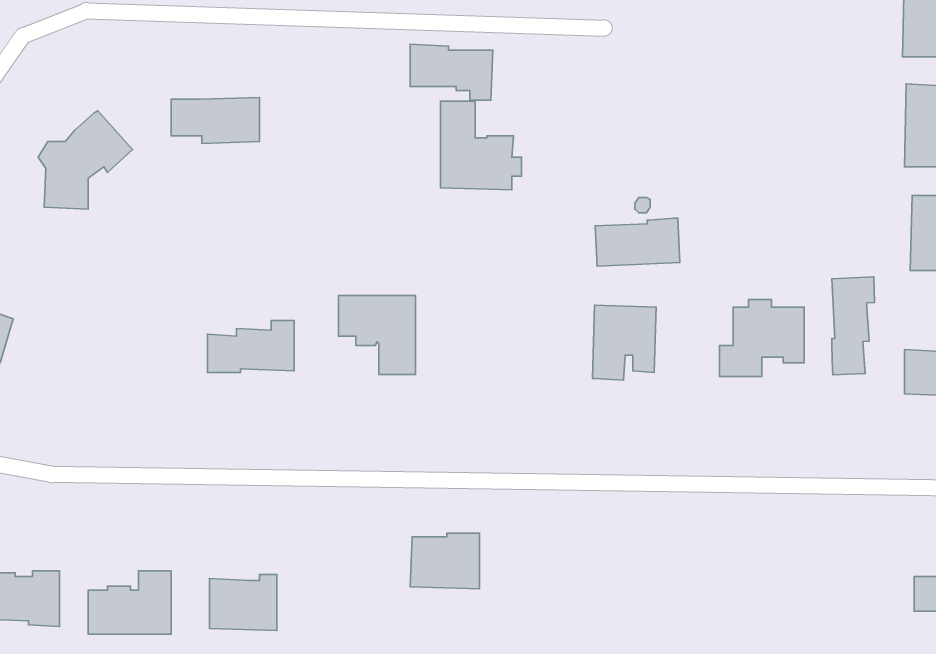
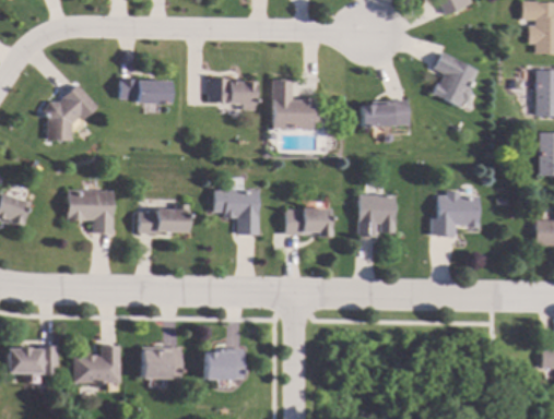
building: [410,44,493,100] -> [208,77,255,109]
building: none -> [431,52,476,106]
building: [595,218,680,266] -> [359,99,408,127]
building: [832,277,875,375] -> none
building: none -> [69,190,114,232]
building: none -> [285,209,331,235]
building: [410,533,480,589] -> [203,348,243,380]

